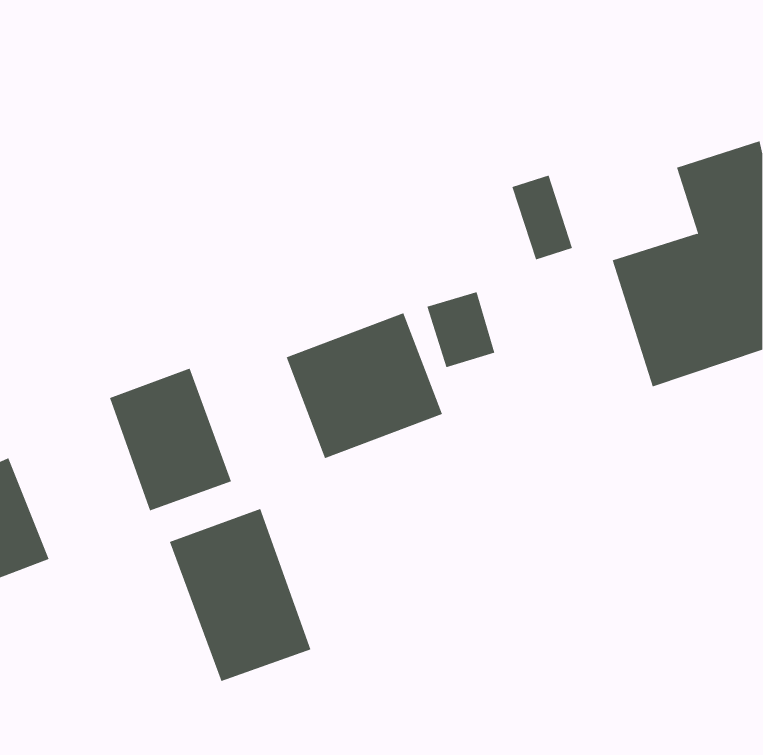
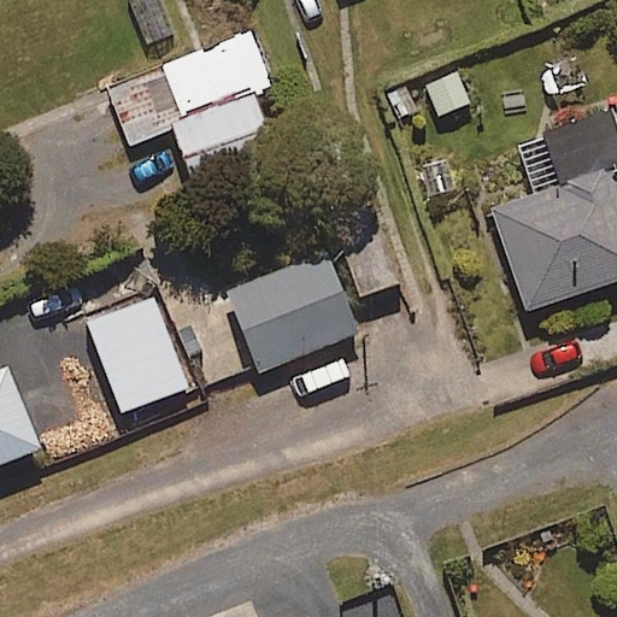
building: none -> [107,31,275,181]
building: [169,508,311,682] -> none

